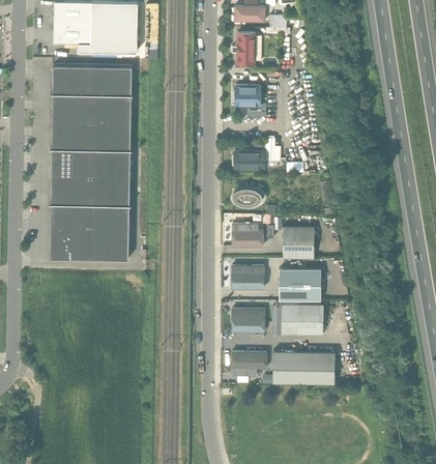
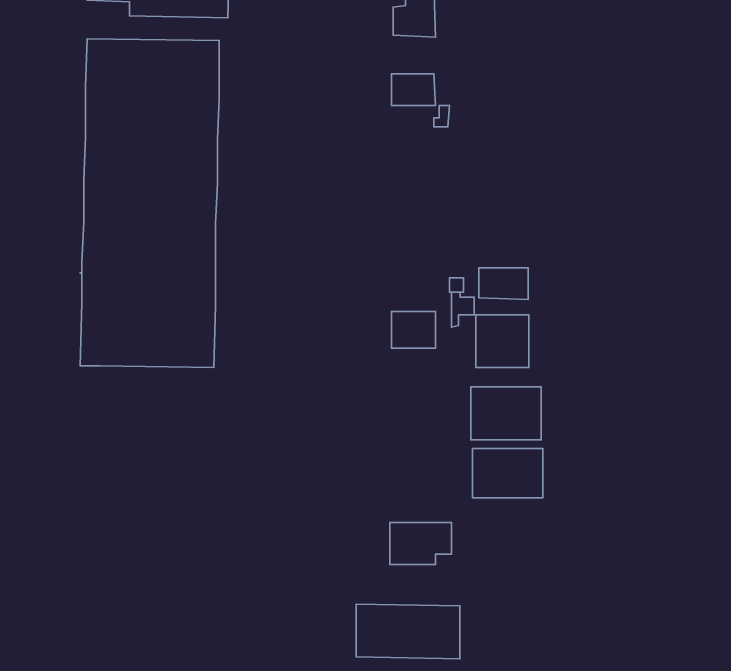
building: [233,145,261,169] -> none
building: [238,184,267,203] -> [479,268,528,299]
building: [232,267,265,291] -> none
building: [231,315,264,332] -> none
building: [273,351,335,383] -> [356,604,460,659]

